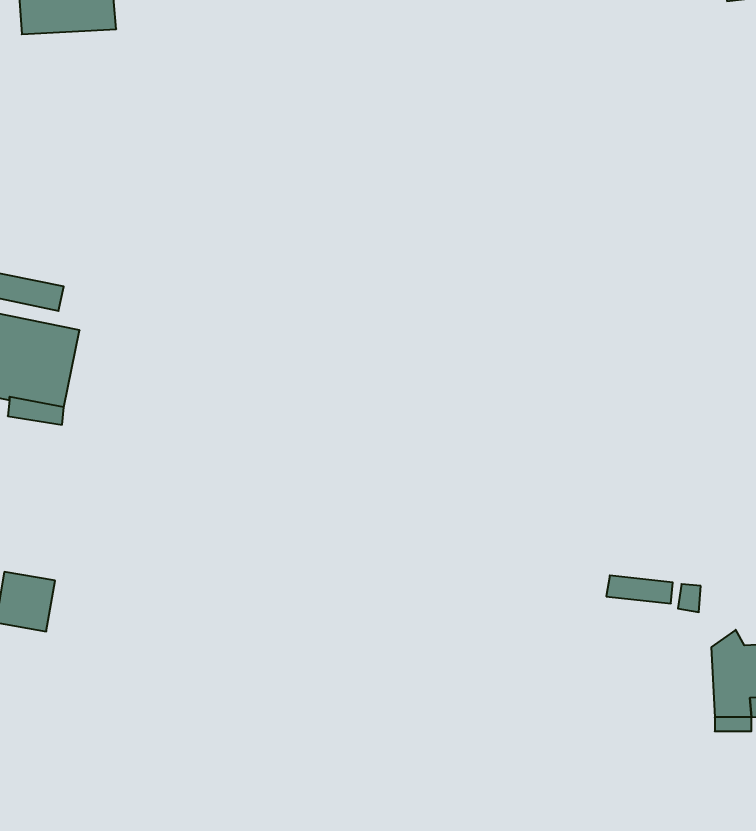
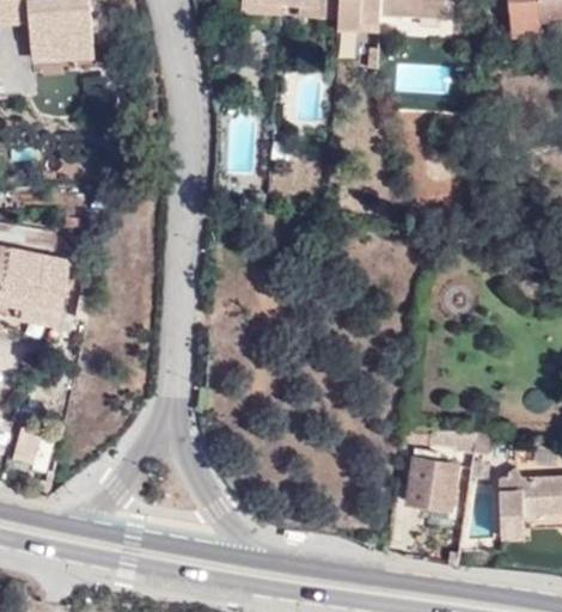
building: none -> [407,448,458,508]

